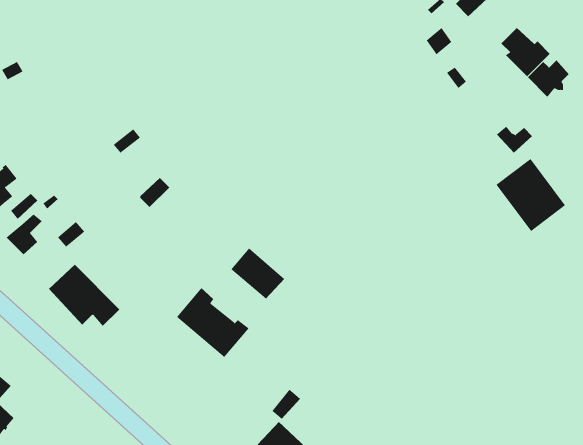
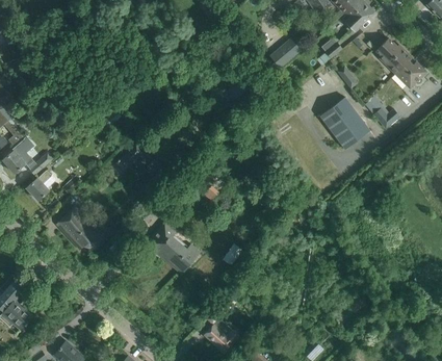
building: none -> [270,38,301,68]
building: [495,158,566,232] -> [320,97,370,149]
building: [230,247,285,299] -> none

